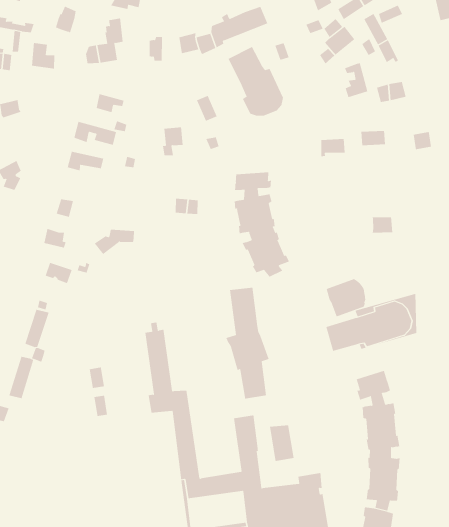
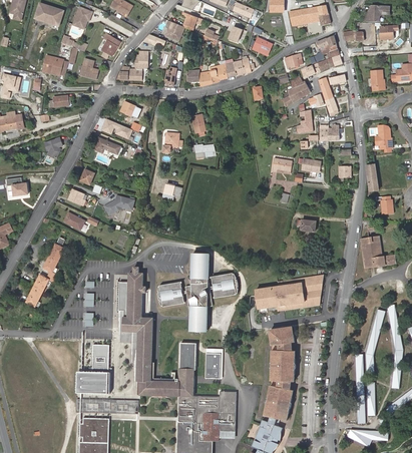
building: [228,46,284,117] -> none
building: [234,172,290,277] -> none
building: [326,278,366,317] -> [212,273,239,298]
building: none -> [157,282,183,307]
building: none -> [80,345,111,396]

